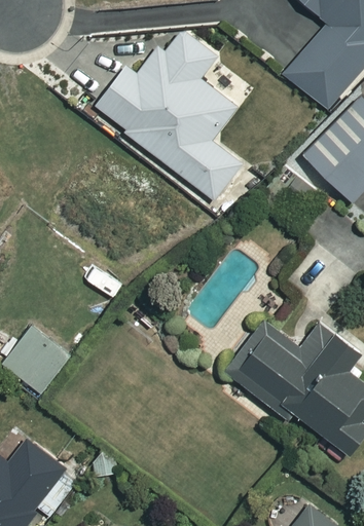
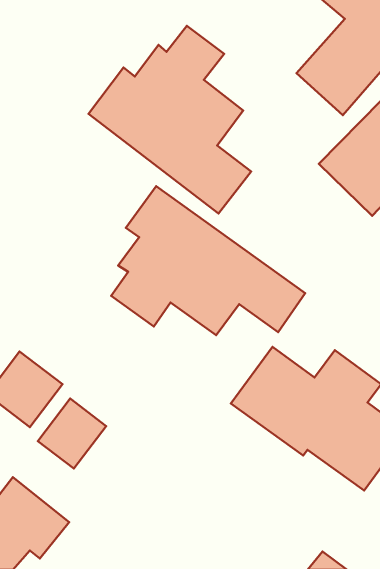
building: none -> [111,186,305,335]
building: none -> [38,399,106,469]

